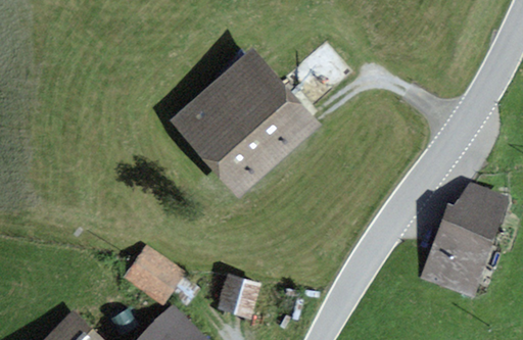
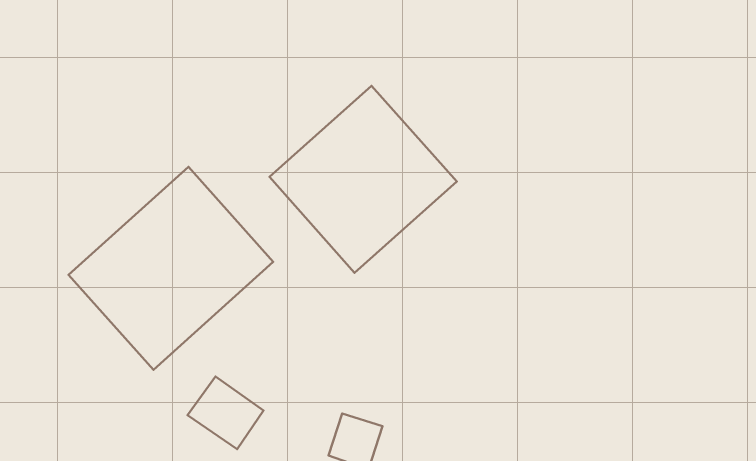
building: none -> [68,167,273,370]
building: [423,189,500,285] -> none

